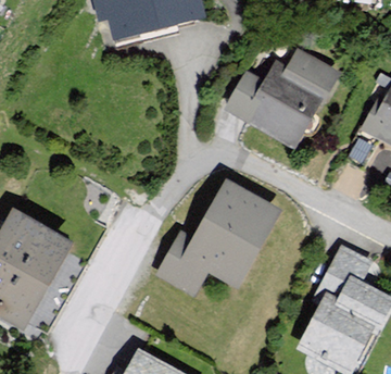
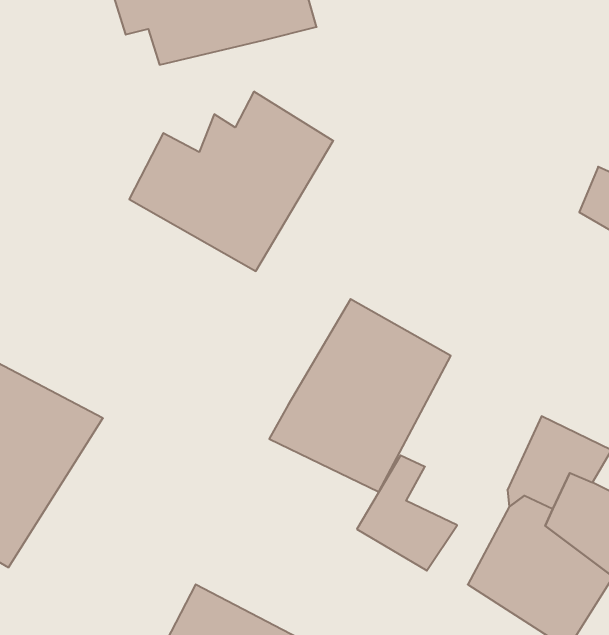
building: [225,47,342,150] -> [129,92,333,271]
building: [151,232,209,298] -> [357,455,457,571]

